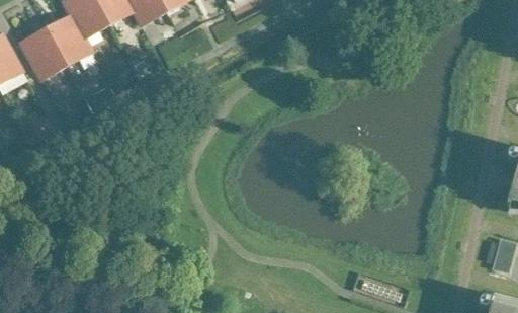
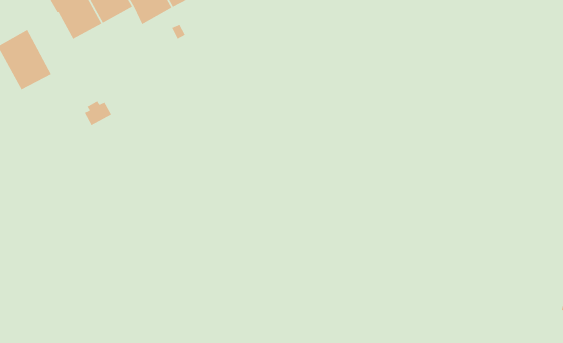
building: [47,15,92,66] -> none

